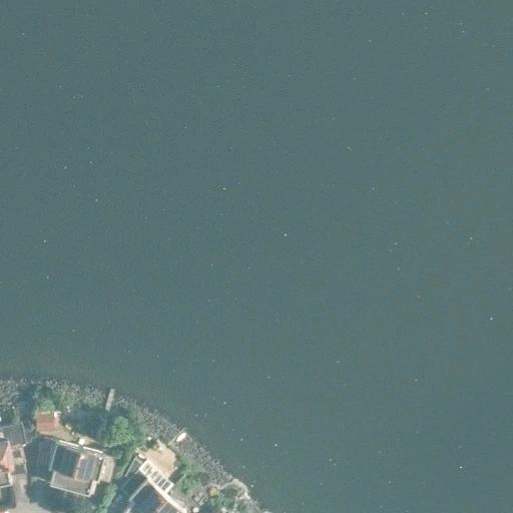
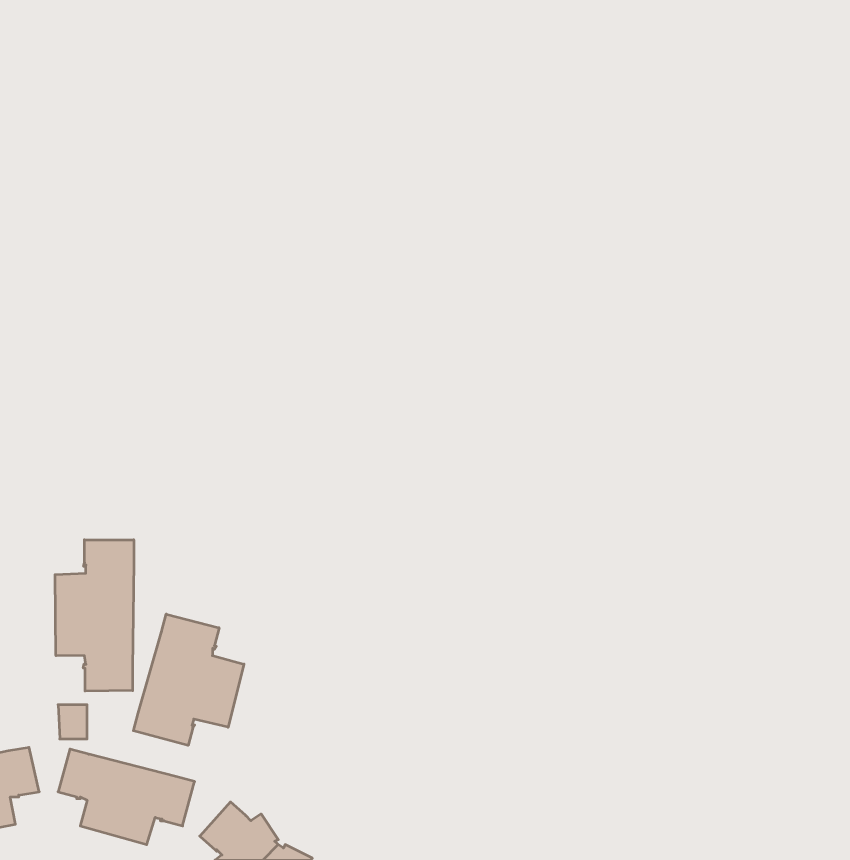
building: none -> [55,540,134,691]
building: none -> [133,614,244,745]

